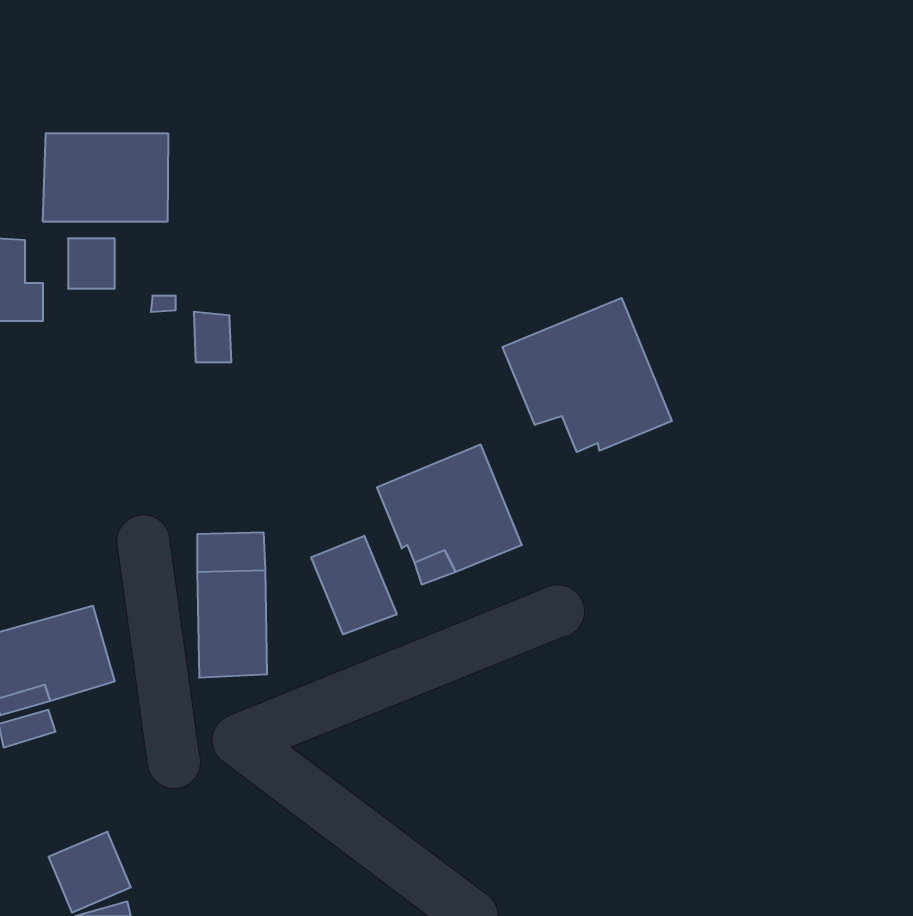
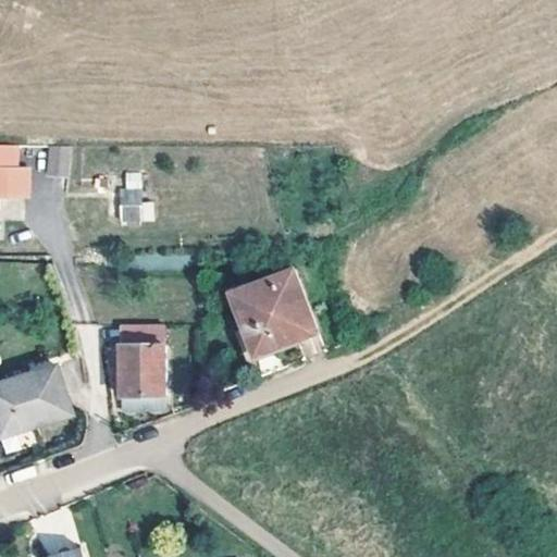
building: [43,133,168,222] -> none
building: [502,298,672,452] -> none
building: [311,536,397,634] -> none

